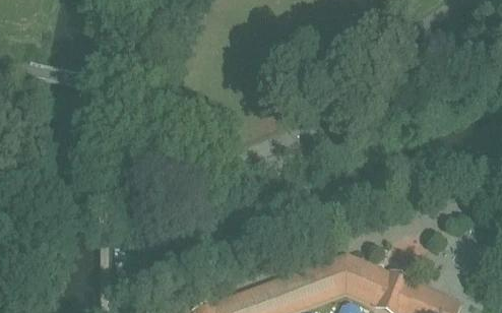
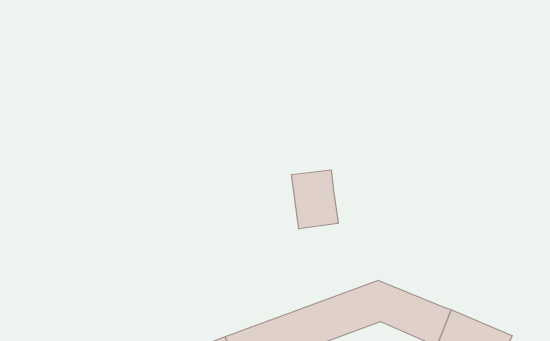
building: none -> [292,170,338,229]

